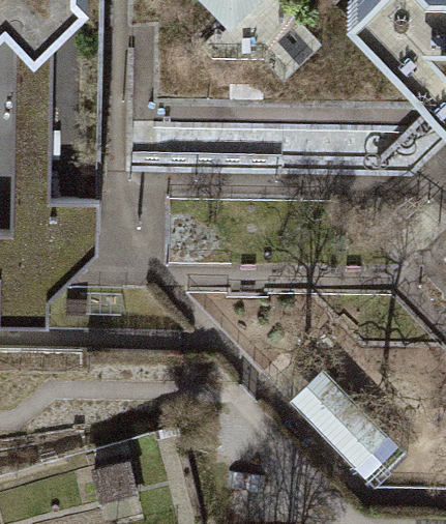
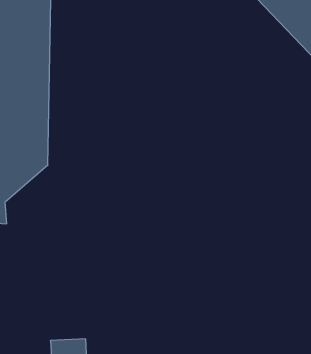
building: [296,377,391,471] -> none

